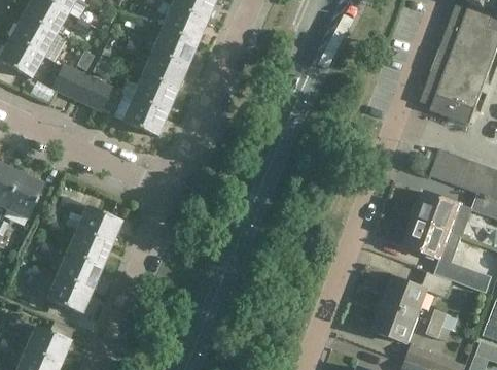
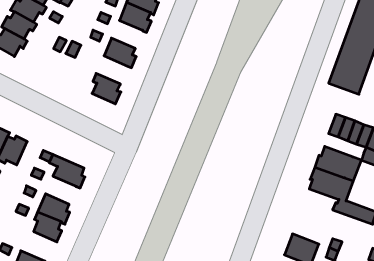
building: [151,29,192,67] -> none
building: [51,64,83,97] -> none
building: [120,74,173,112] -> none
building: [80,77,112,110] -> none
building: [67,229,107,267] -> none
building: [384,276,428,316] -> none

